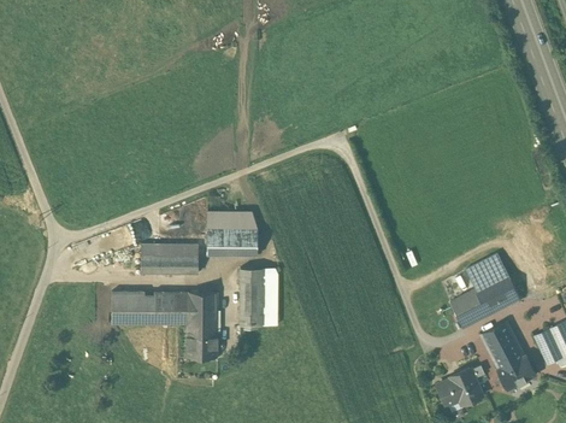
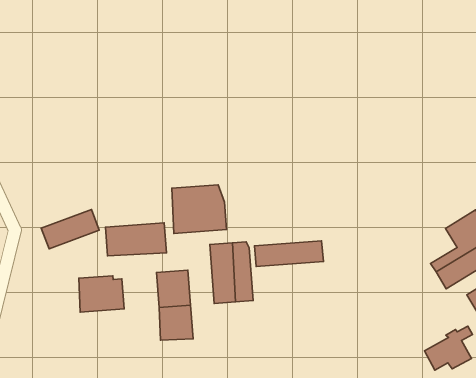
building: none -> [255,241,323,267]
building: [153,290,187,324] -> none

